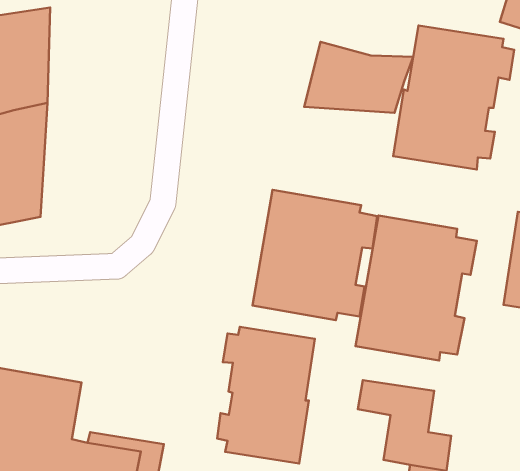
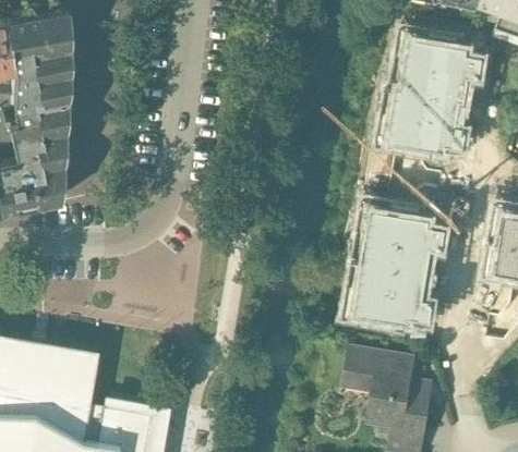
building: [304,42,413,113] -> none
building: [253,190,377,320] -> none
building: [217,327,315,464] -> none

